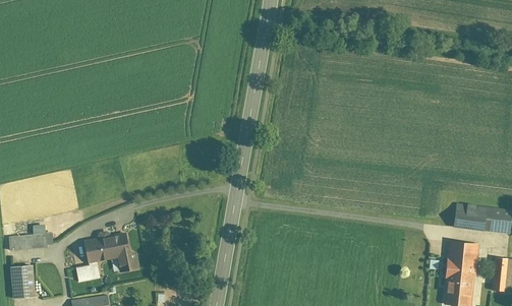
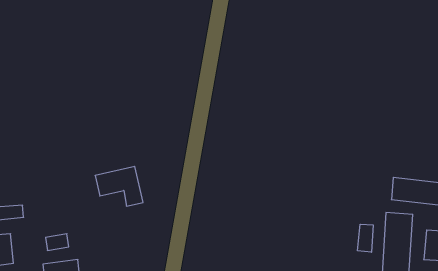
building: [84,230,137,273] -> [95,166,143,206]
building: none -> [358,224,373,252]

